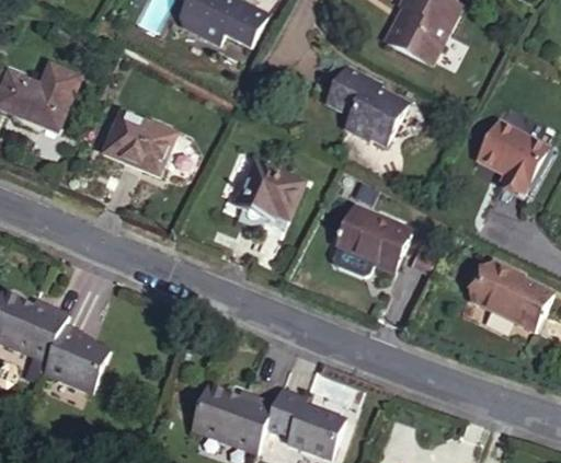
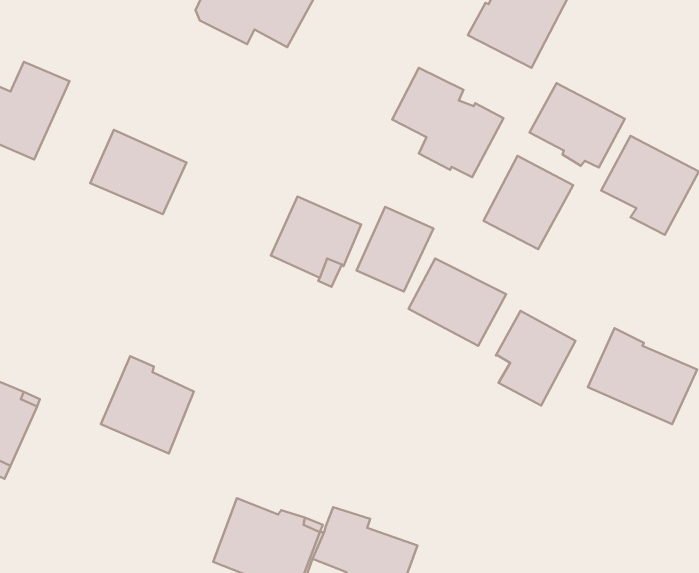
building: none -> [530,83,625,167]
building: none -> [484,156,573,249]
building: none -> [356,207,433,292]
building: none -> [496,311,576,405]
building: [39,321,108,393] -> [101,356,194,454]

